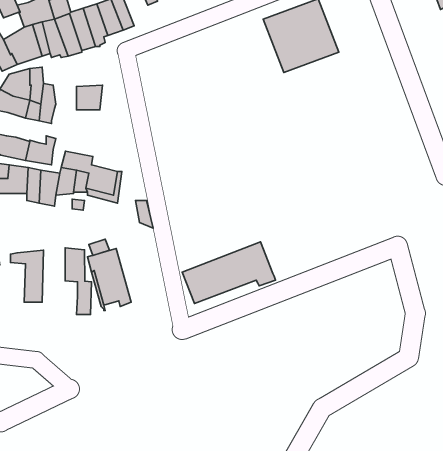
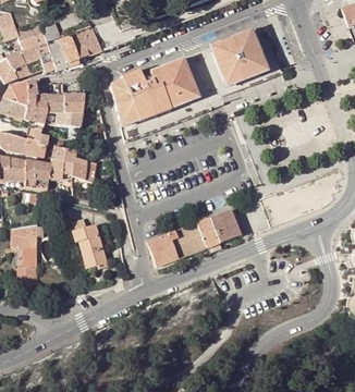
building: none -> [111,54,203,125]
building: none -> [45,94,82,126]
building: none -> [209,209,240,243]
building: [65,248,92,314] -> none

